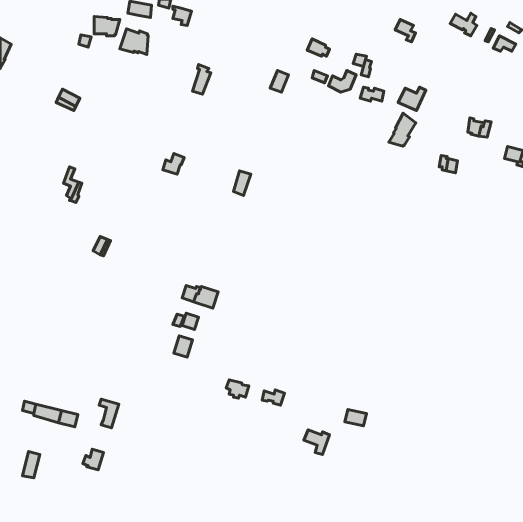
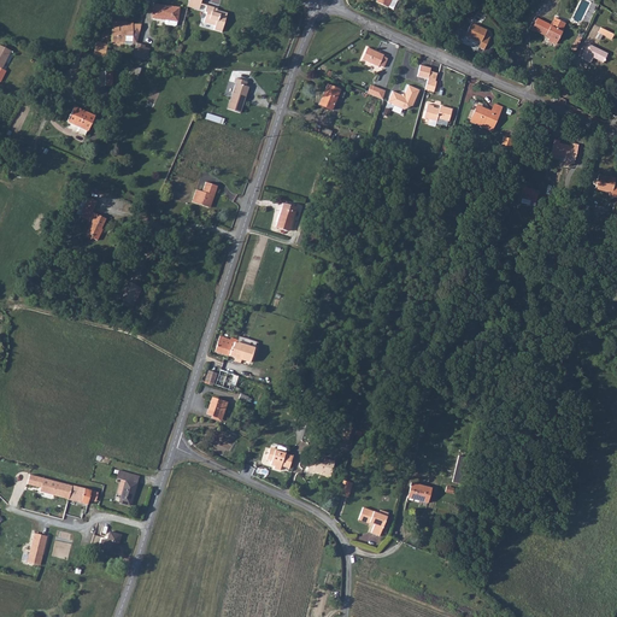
building: [120,29,148,55] -> none
building: [389,113,416,146] -> none

